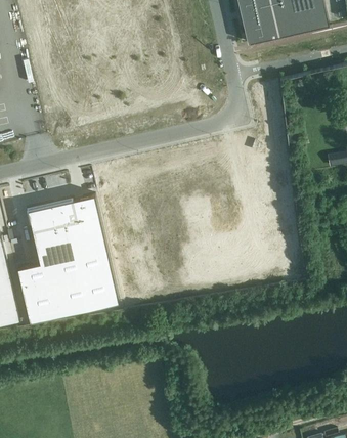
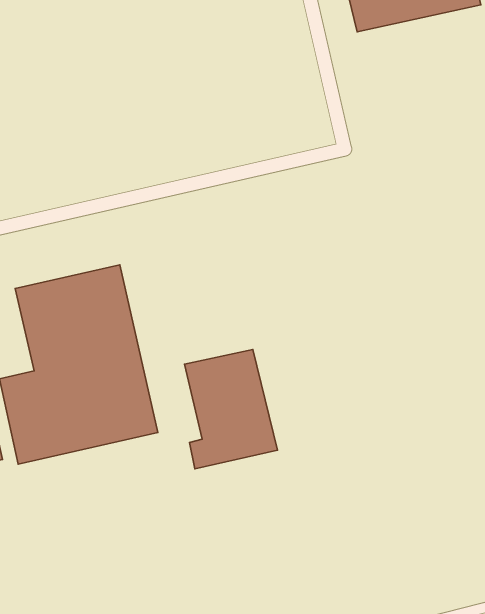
building: none -> [184,349,277,469]

